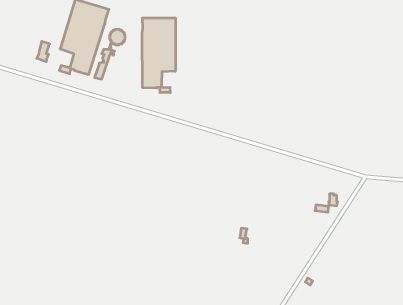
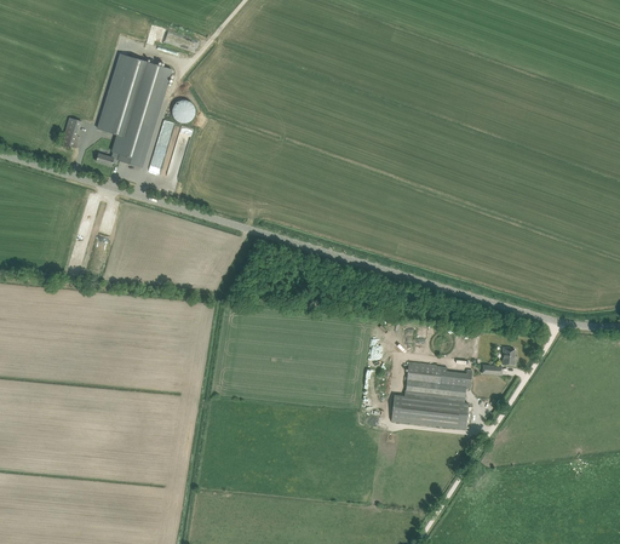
building: [142,18,175,93] -> none
building: none -> [391,363,472,429]

